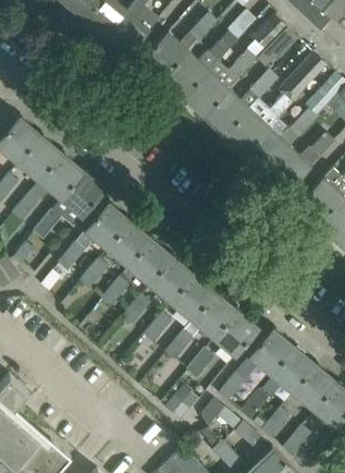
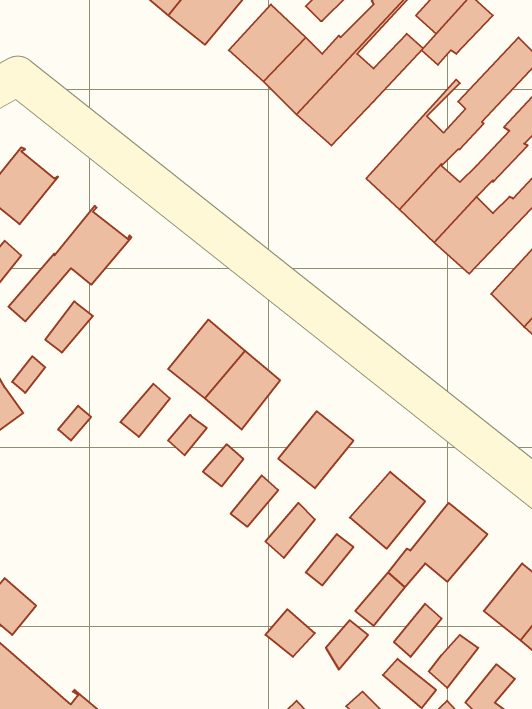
building: [202,70,276,136] -> none
building: [17,135,62,181] -> none
building: [60,171,106,218] -> none
building: [57,203,130,271] -> none
building: [149,256,194,303] -> none
building: [193,292,237,338] -> none
building: [271,348,316,393] -> none

